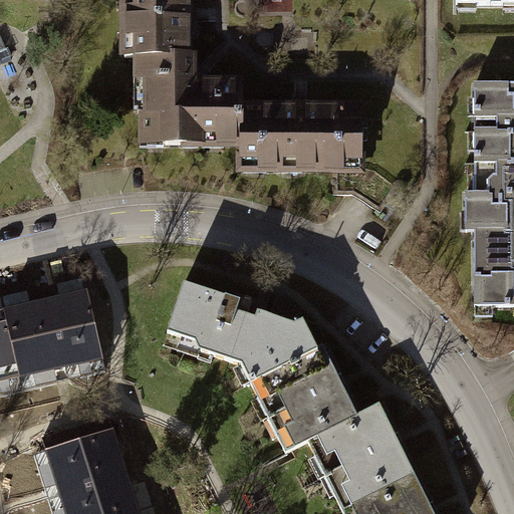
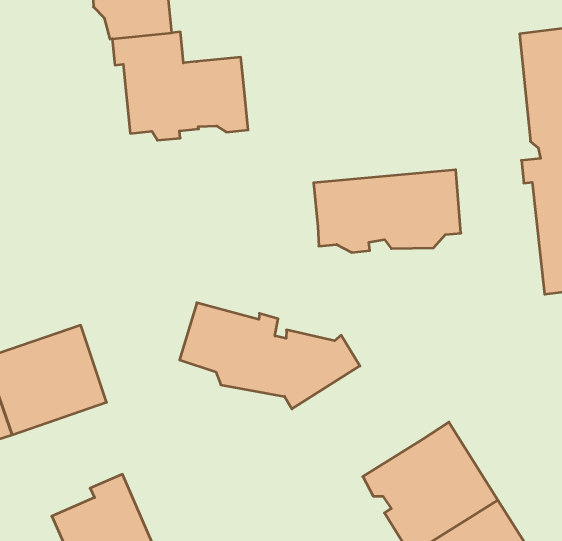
building: [240,105,360,170] -> [314,170,461,252]
building: [250,343,360,452] -> none

